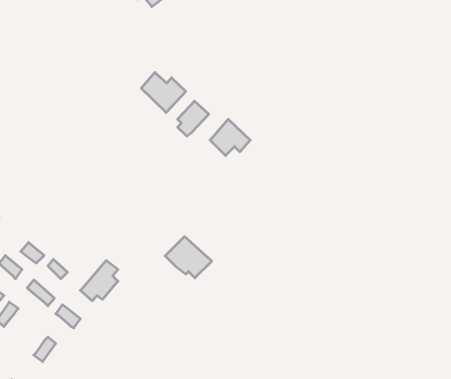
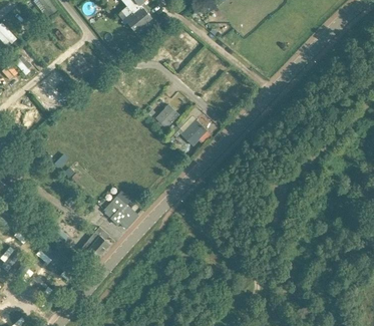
building: [141,72,186,113] -> none
building: [165,237,212,278] -> [101,196,137,228]

